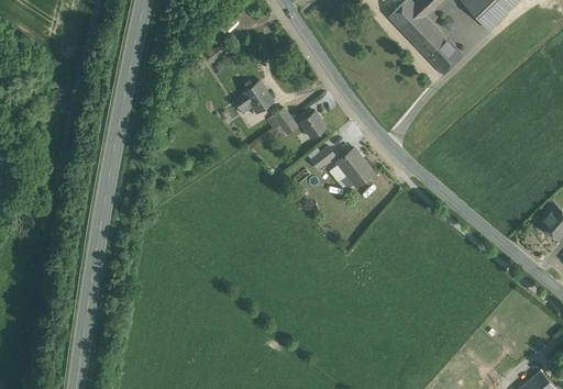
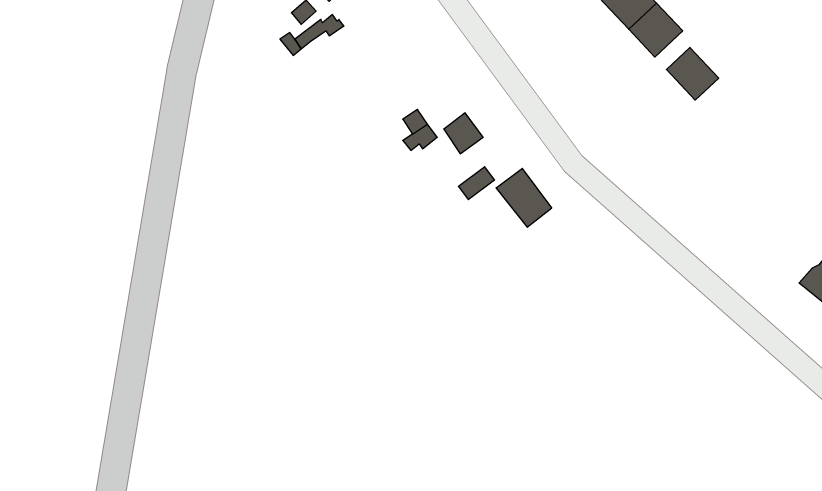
building: none -> [666,47,719,100]
building: [233,81,273,113] -> none

